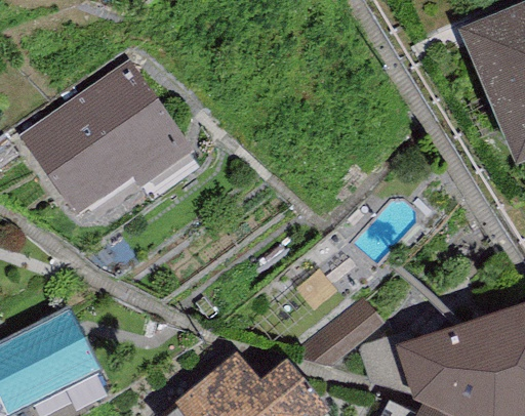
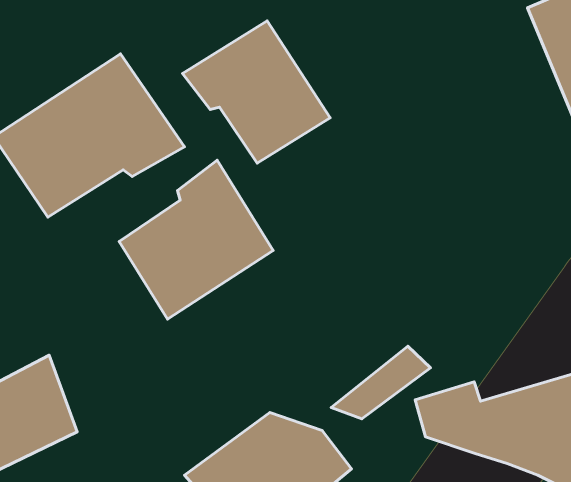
building: none -> [183,21,330,163]
building: none -> [119,160,273,319]

